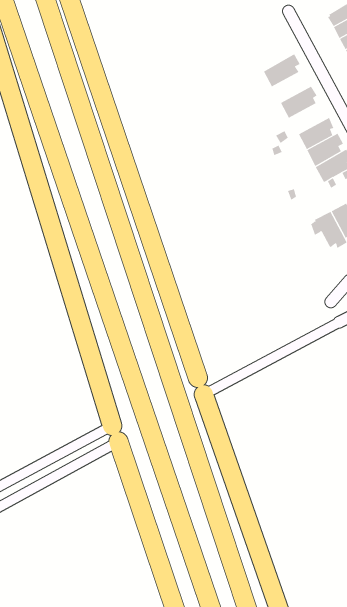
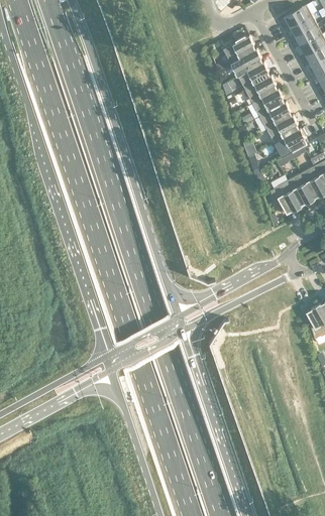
building: none -> [222,37,256,66]
building: none -> [237,64,270,92]
building: none -> [251,91,286,118]

